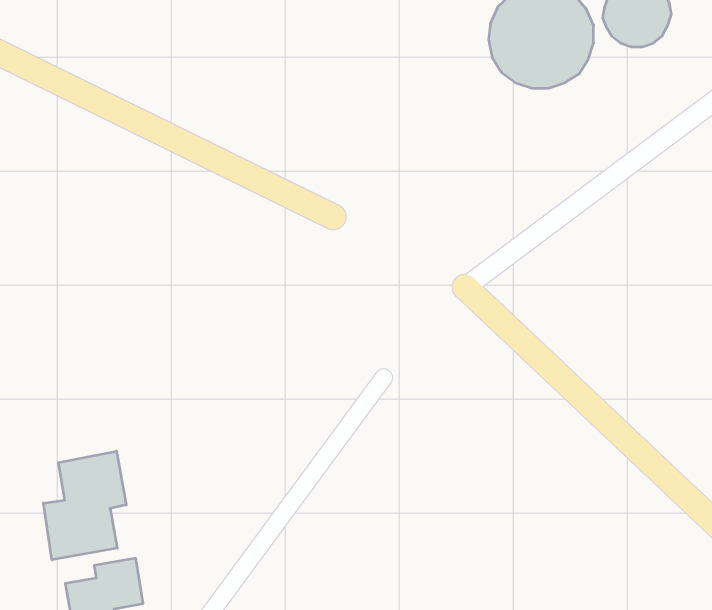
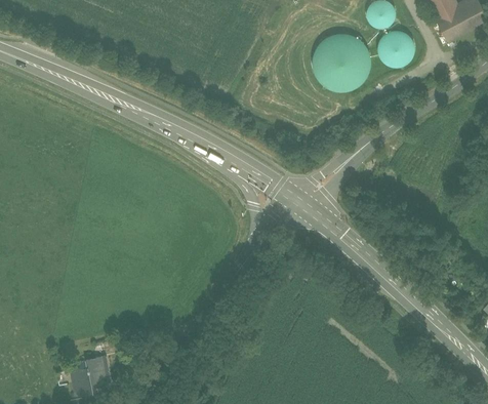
building: [43,451,126,560] -> none

